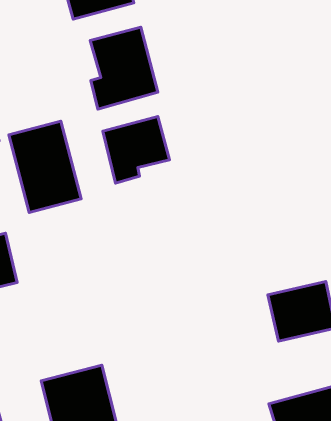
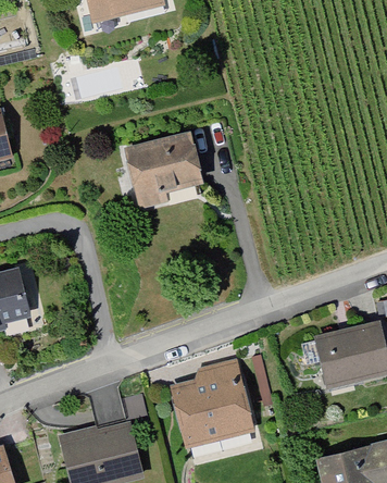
building: [90,27,158,109] -> none
building: [9,121,81,212] -> none
building: none -> [171,357,258,449]

